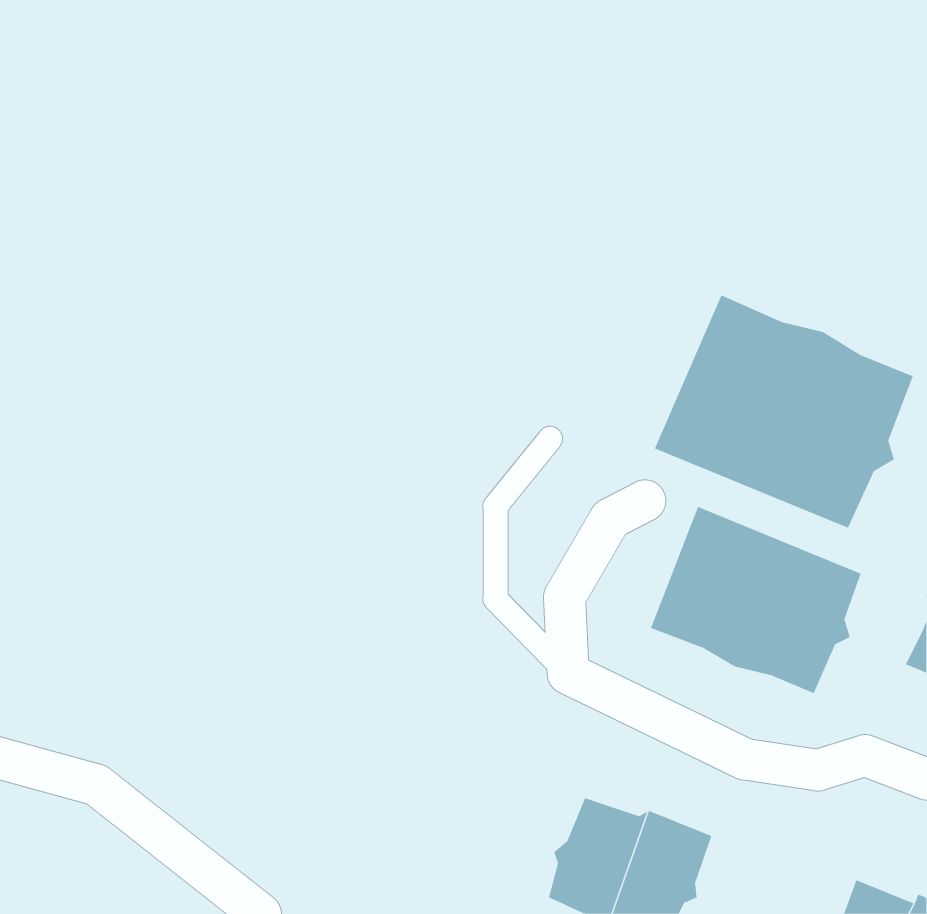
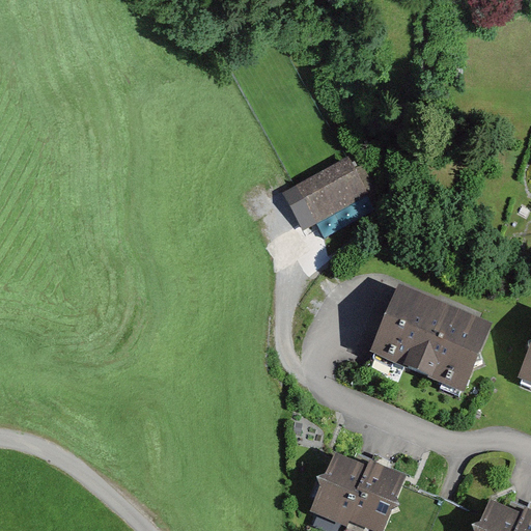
building: none -> [280,147,368,223]
building: [654,294,913,528] -> none

